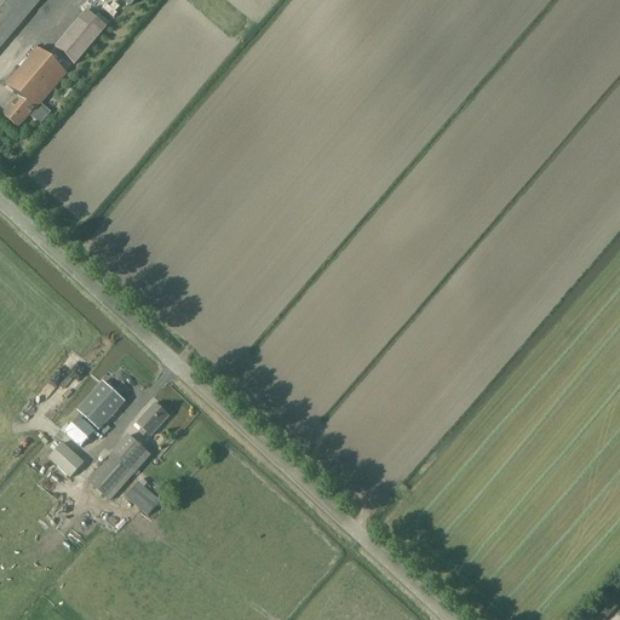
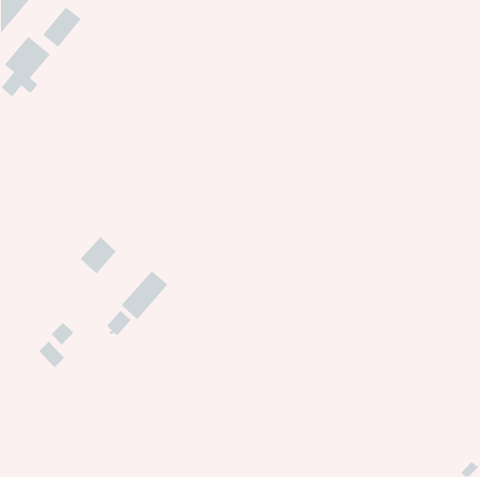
building: [78,379,125,427] -> [80,236,116,274]
building: [90,434,151,498] -> [121,270,169,320]
building: [126,481,161,513] -> none

